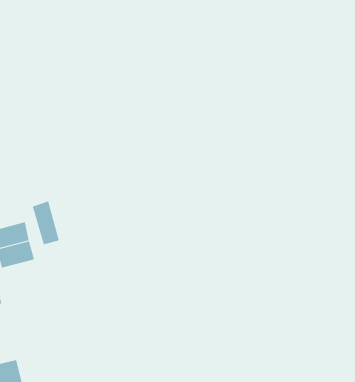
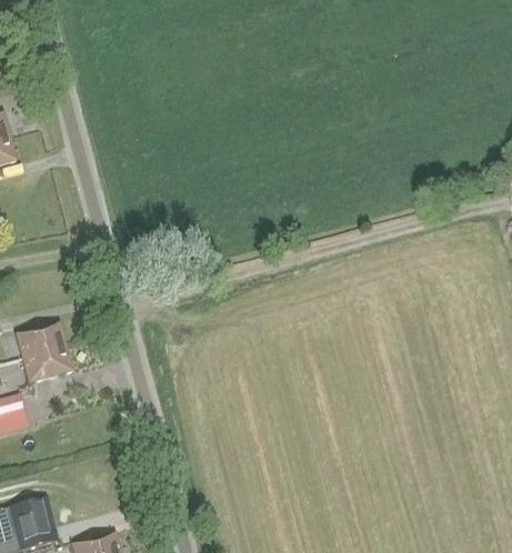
building: [32,201,60,245] -> none

